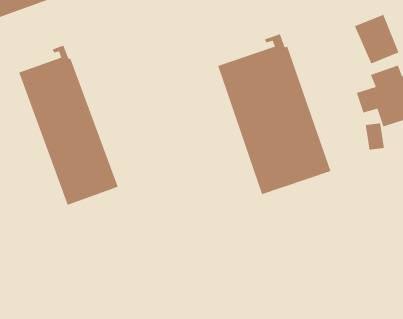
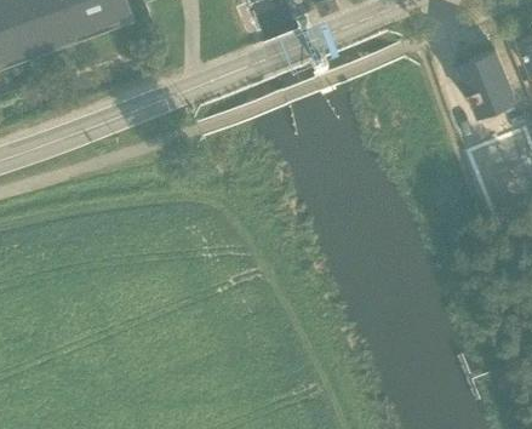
building: [217,33,332,195] -> none
building: [18,45,119,206] -> none

